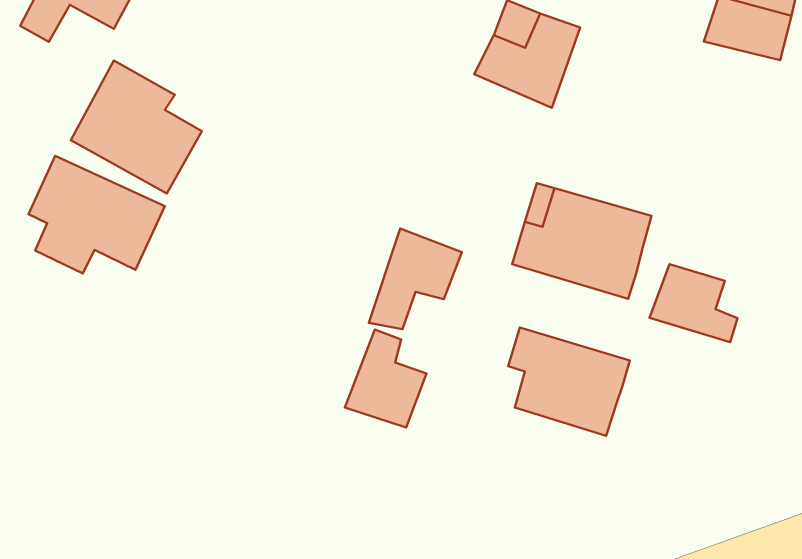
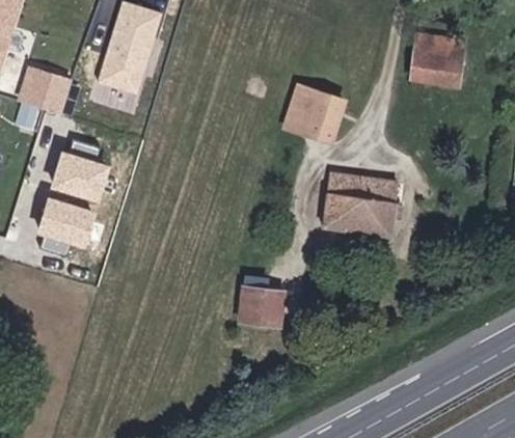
building: [369,229,462,329] -> none
building: [650,264,737,342] -> none
building: [508,327,630,436] -> none

